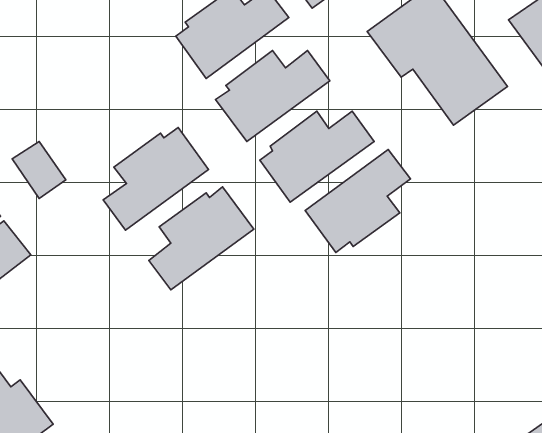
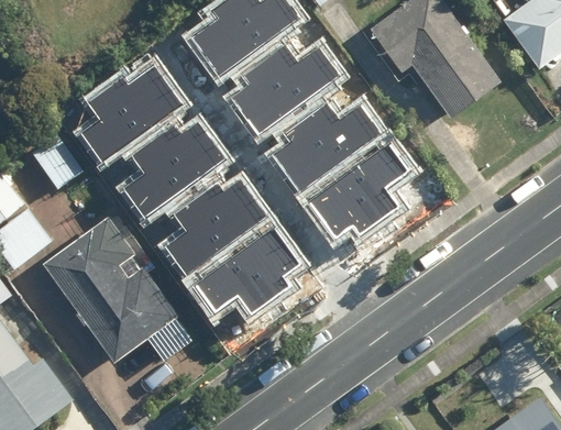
building: none -> [77,67,176,164]
building: none -> [45,219,194,364]
building: none -> [188,232,296,318]

